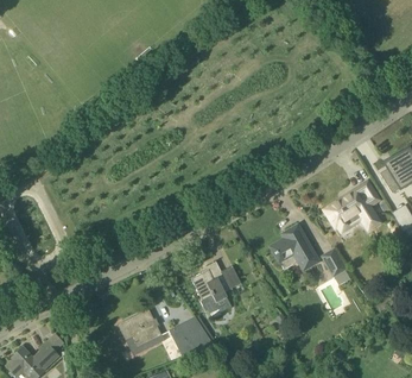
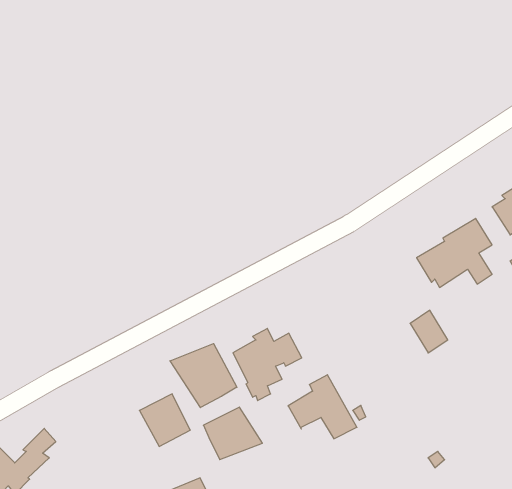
building: [270,223,319,270] -> [288,375,357,439]
building: none -> [170,344,237,408]

